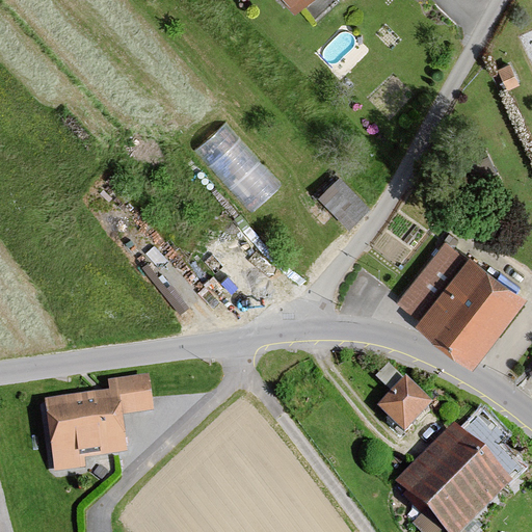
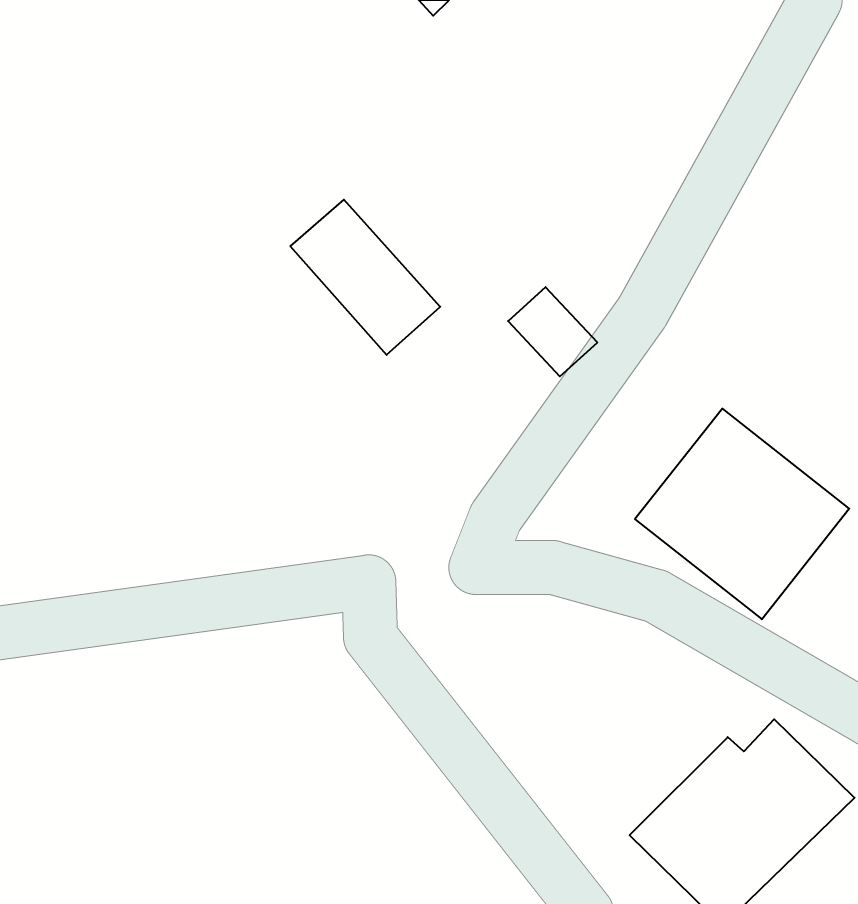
building: [42,379,150,474] -> none
building: [374,380,430,436] -> none

